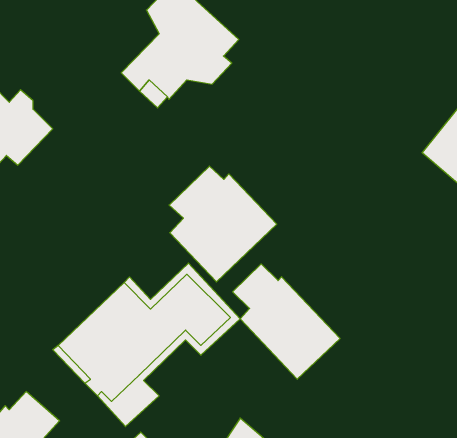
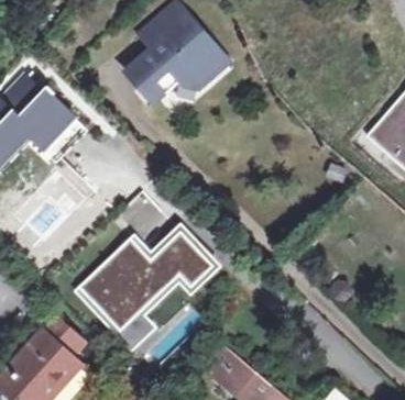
building: [169,166,277,282] -> none
building: [233,264,340,379] -> none

